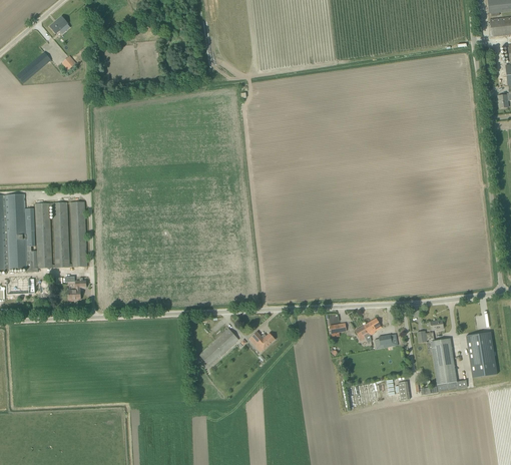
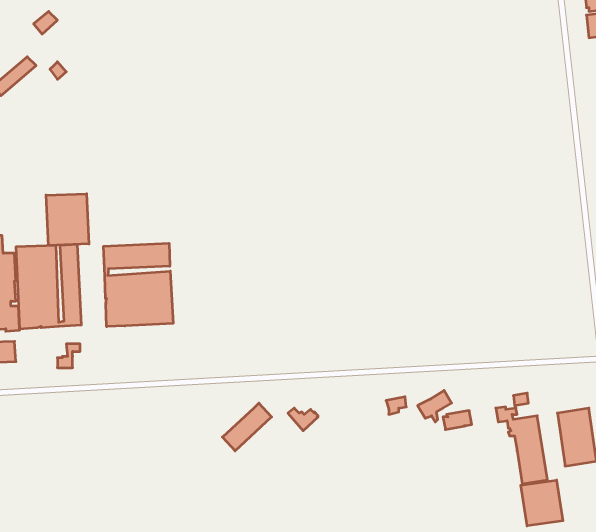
building: none -> [46,194,89,245]
building: none -> [104,243,173,327]
building: none -> [521,480,563,526]

